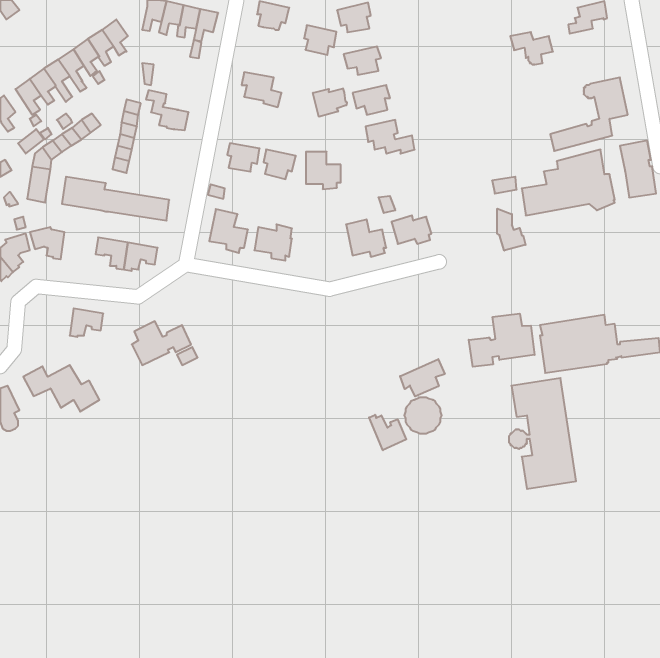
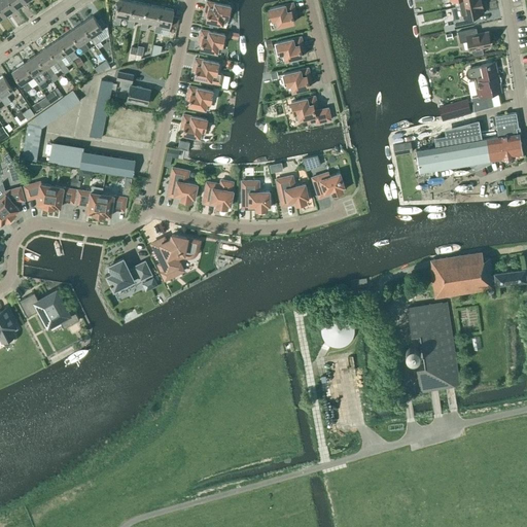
building: [304,25,336,55] -> [199,30,224,54]
building: [510,32,553,64] -> [457,30,491,56]
building: [313,88,347,117] -> none
building: [264,149,296,179] -> [187,86,213,110]
building: [306,152,341,189] -> [242,181,270,211]
building: [497,209,526,251] -> none
building: none -> [151,235,200,281]
building: [70,308,103,337] -> [48,186,75,209]
building: [469,314,535,367] -> none
building: [400,359,445,396] -> none
building: [369,415,406,450] -> none

